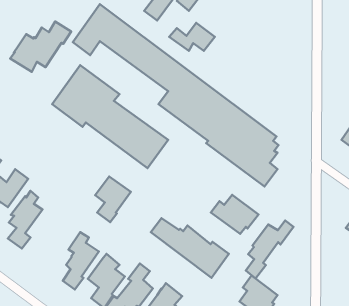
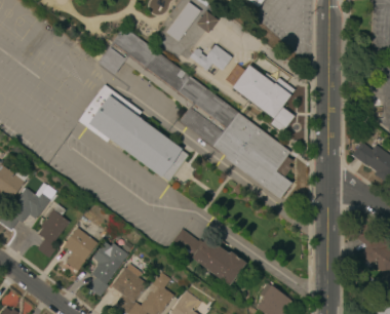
building: [10,22,71,72] -> none
building: none -> [233,65,296,133]
building: [95,177,131,222] -> [65,228,99,271]
building: [211,195,258,234] -> none
building: [246,221,294,278] -> none

